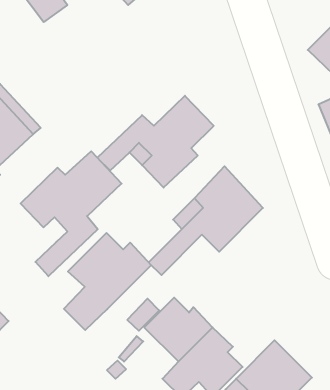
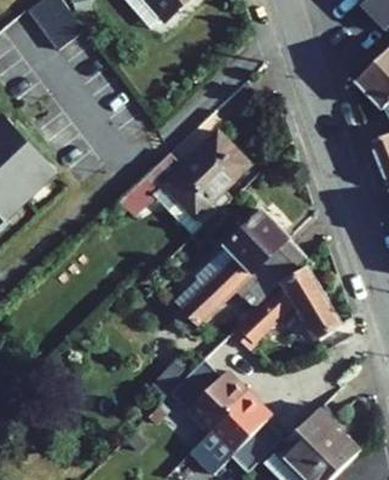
building: [21,151,122,276] -> none
building: none -> [233,267,342,348]
building: [64,233,151,330] -> none

